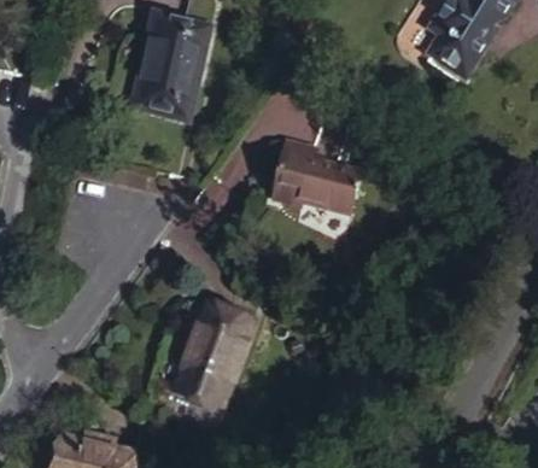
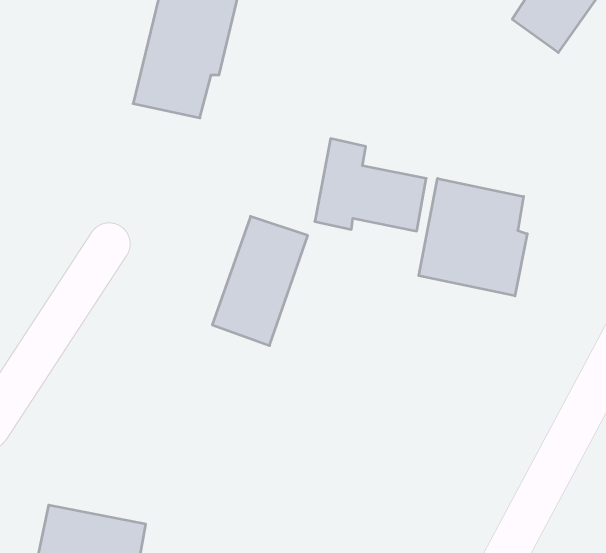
building: none -> [419,178,527,296]
building: [181,309,253,406] -> [212,216,308,346]

